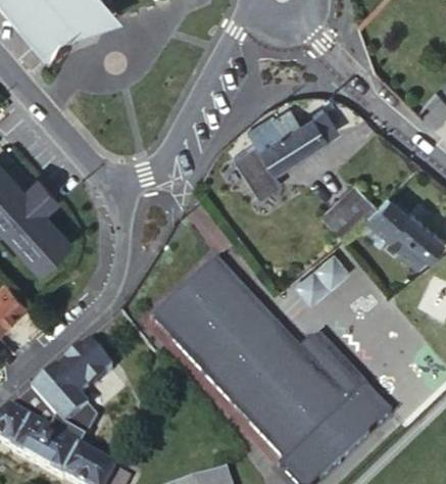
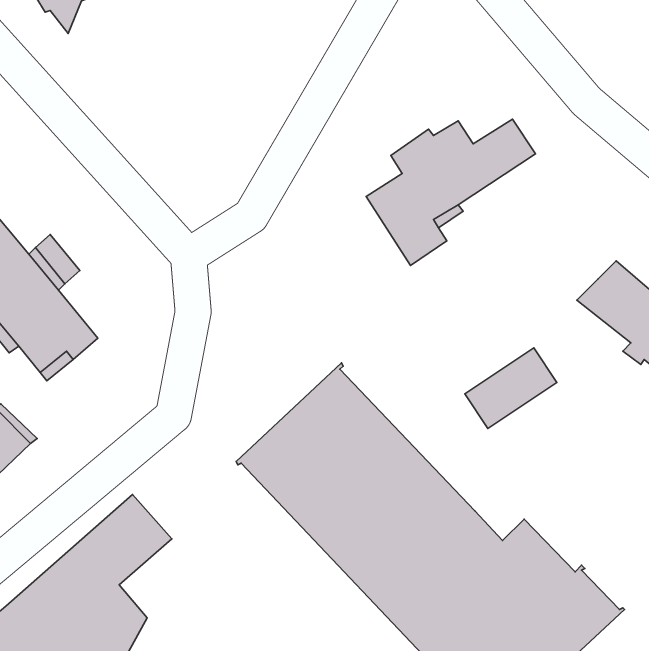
building: [321,185,377,241] -> none
building: [300,334,366,389] -> none

